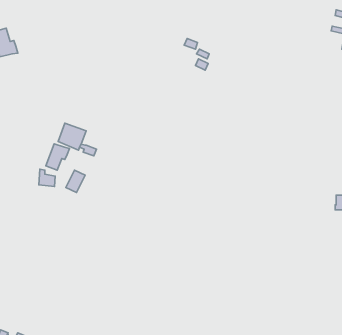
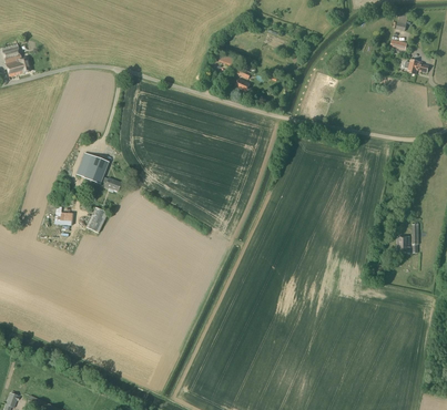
building: [46,144,69,170] -> none

